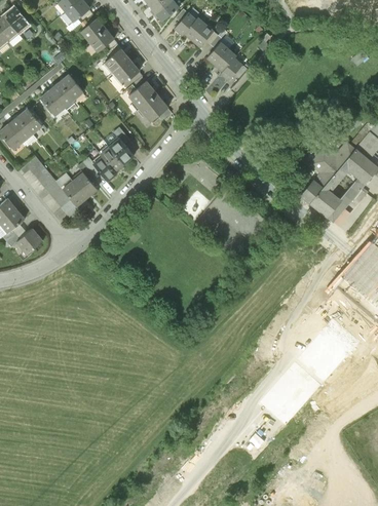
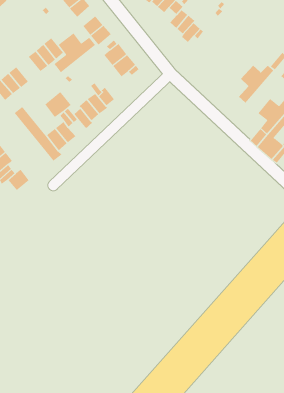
building: none -> [53,33,96,73]
building: none -> [238,65,274,103]
building: none -> [44,91,72,118]

